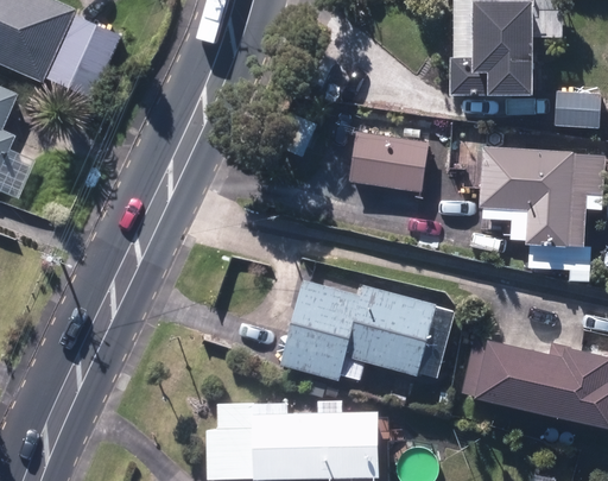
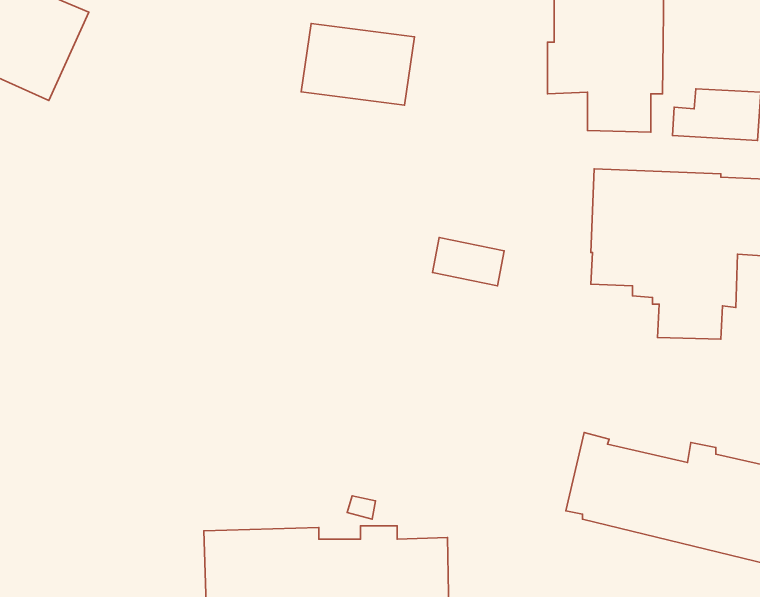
building: [348,133,429,191] -> [301,24,415,105]
building: [278,280,437,381] -> none

